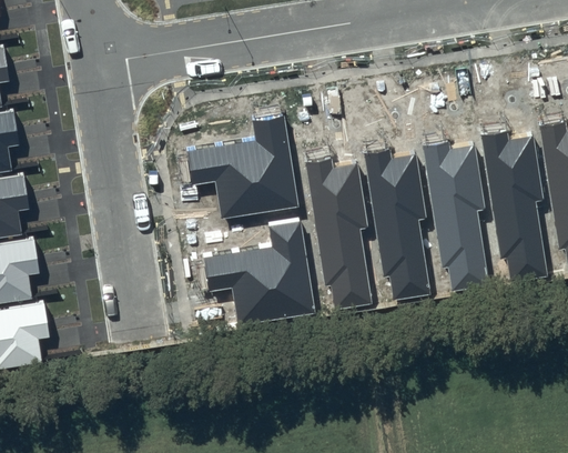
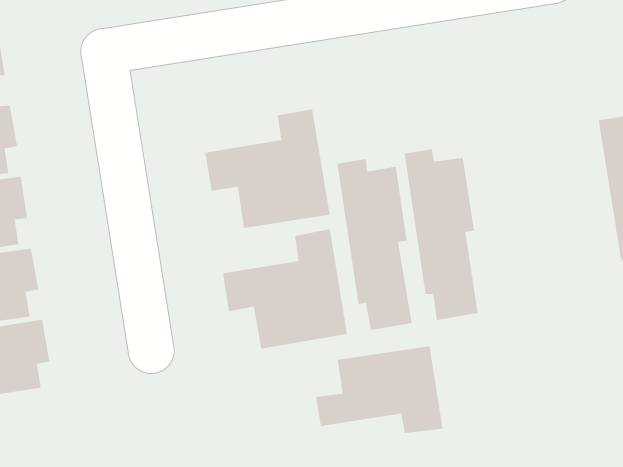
building: [480,129,547,282] -> none
building: [422,140,489,292] -> none
building: none -> [316,345,443,434]

